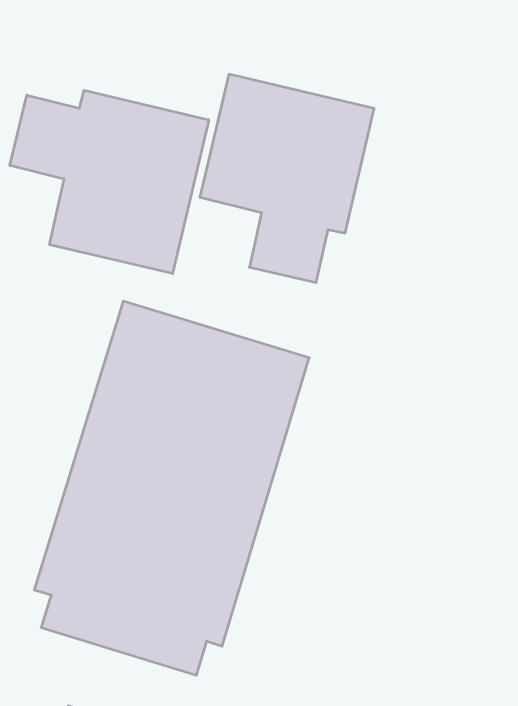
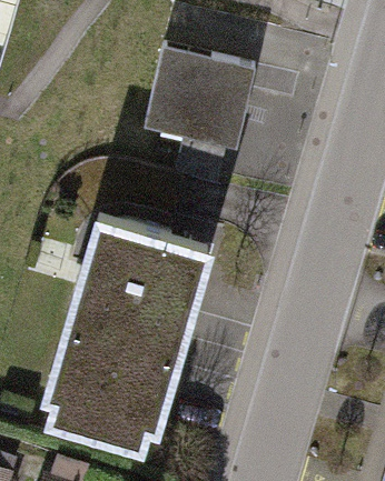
building: [10,90,209,274] -> none

